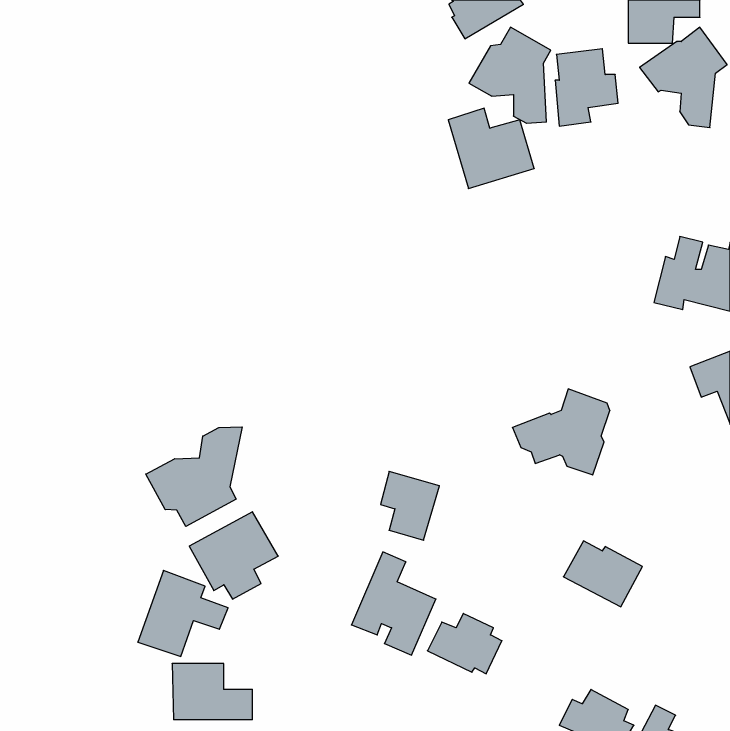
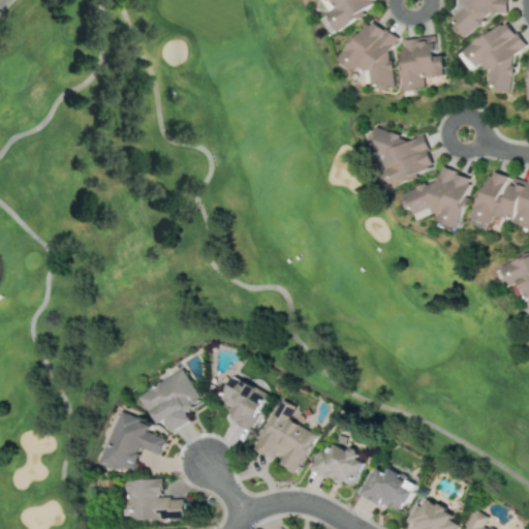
building: [448,108,534,189] -> [371,127,433,185]
building: [512,389,610,475] -> [400,166,470,228]
building: [146,427,242,526] -> none
building: [381,471,439,540] -> [221,379,263,429]
building: [563,541,642,607] -> [357,467,414,515]

